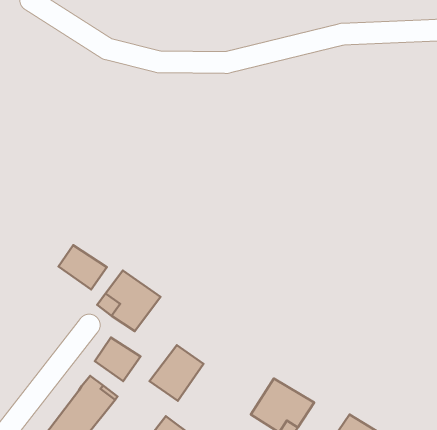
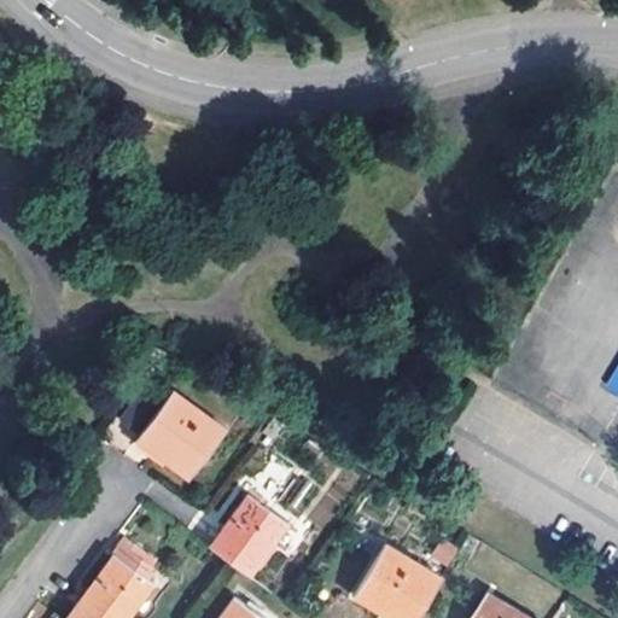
building: [58,245,107,289] -> none
building: [95,338,140,381] -> none

